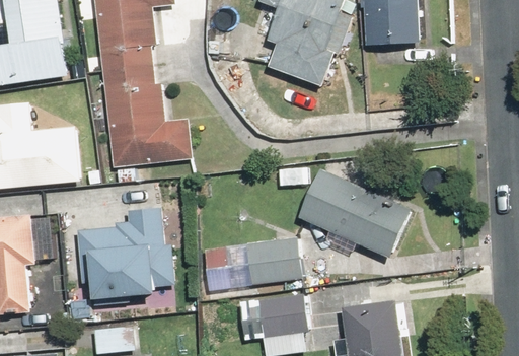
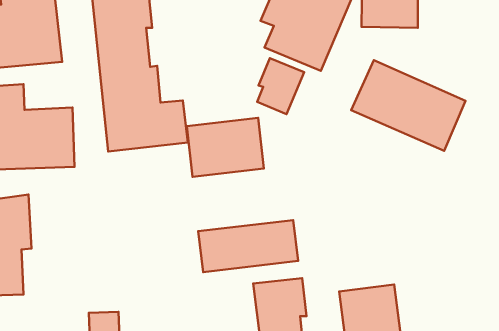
building: none -> [257,58,304,114]
building: none -> [187,118,264,177]
building: [297,167,411,258] -> [351,60,466,151]
building: [76,206,172,300] -> none

